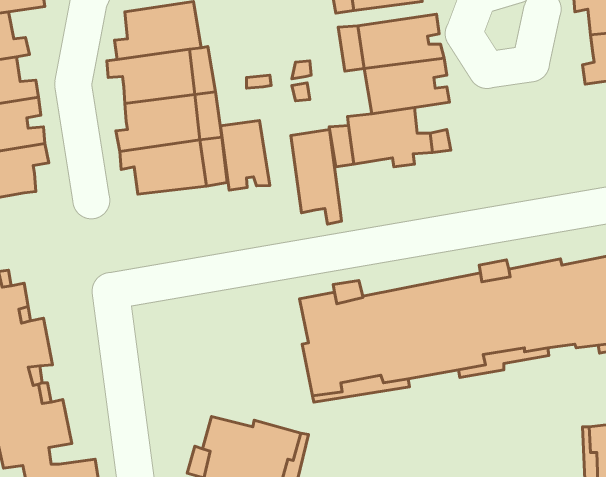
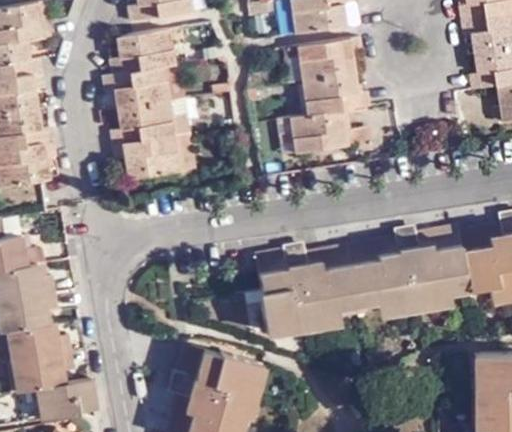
building: [220,121,270,190] -> none
building: [291,129,342,224] -> none

